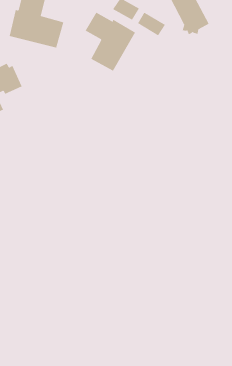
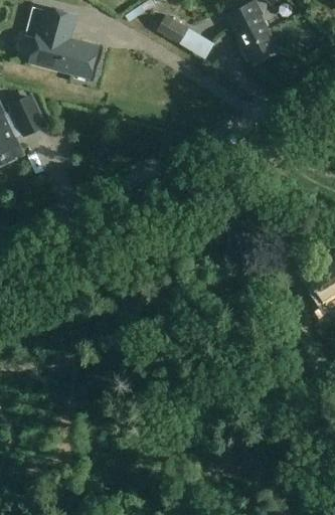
building: [85,12,136,72] -> none

